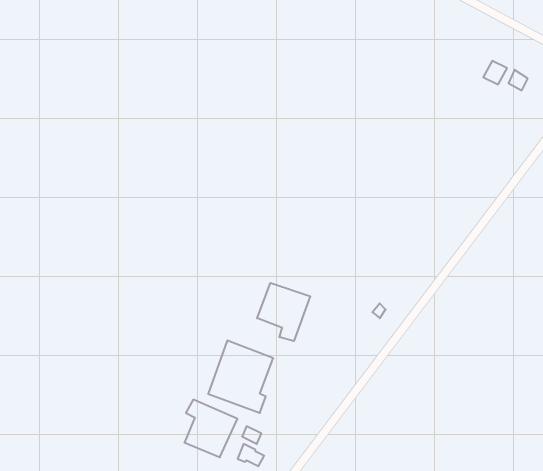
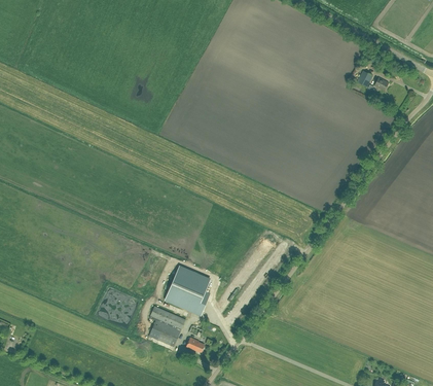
building: [257,283,310,341] -> none

